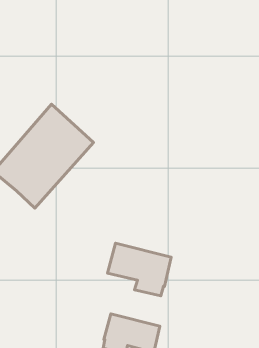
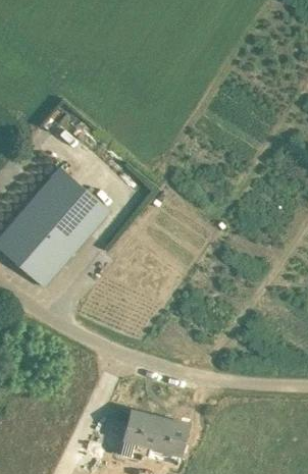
building: [108,243,171,296] -> none

